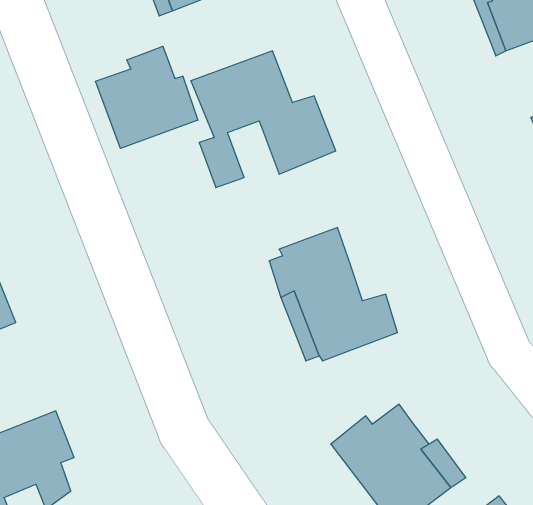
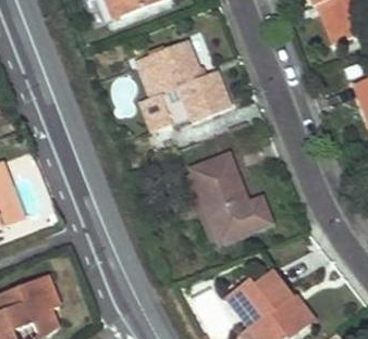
building: [96,46,198,148] -> none

